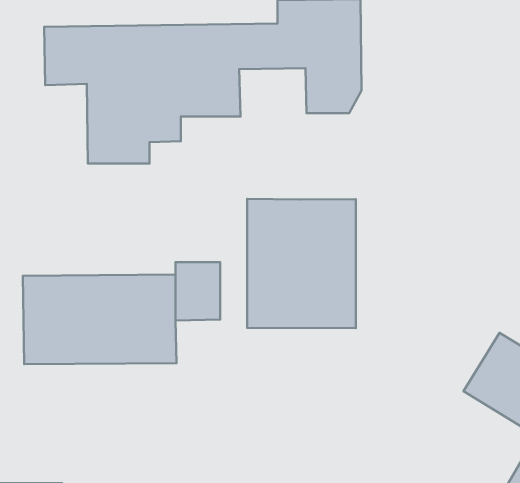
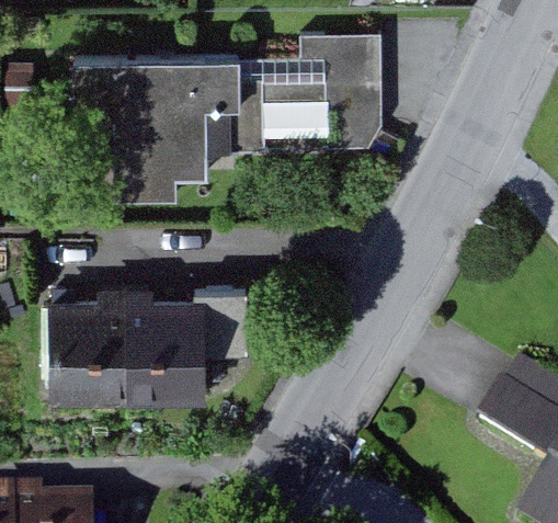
building: [247,199,356,328] -> none

